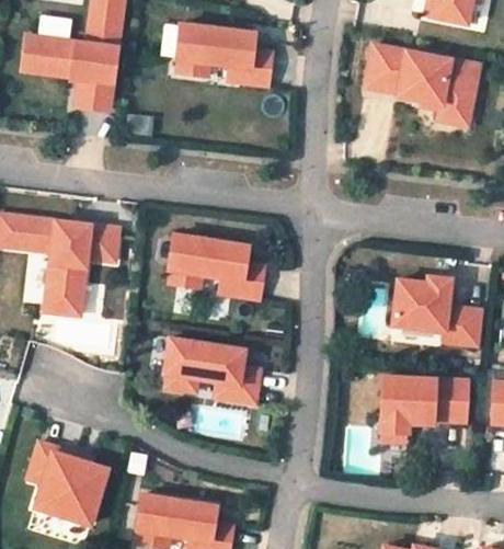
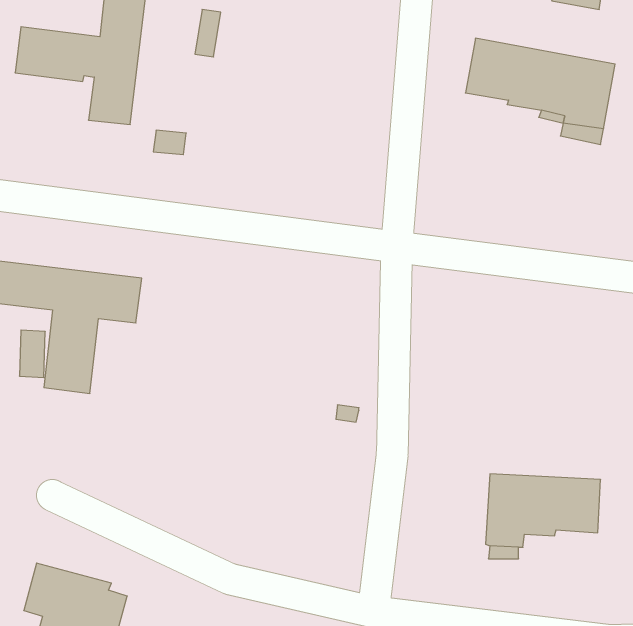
building: [175,24,270,85] -> none
building: [170,235,264,299] -> none
building: [392,277,481,345] -> none
building: [165,339,260,403] -> none

